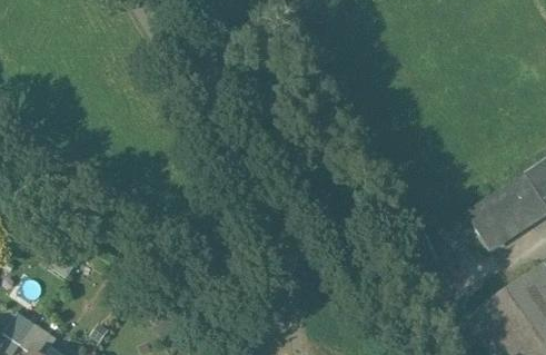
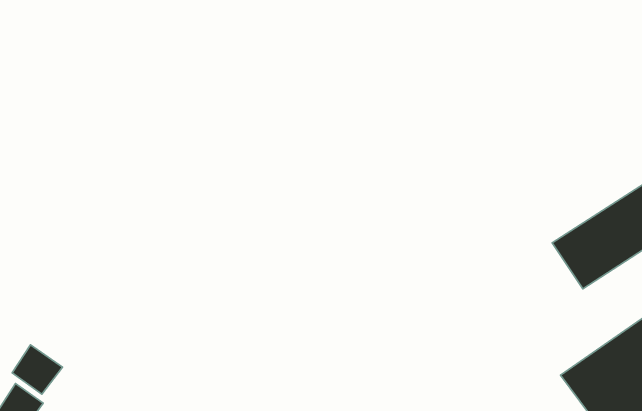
building: none -> [12,345,63,394]

